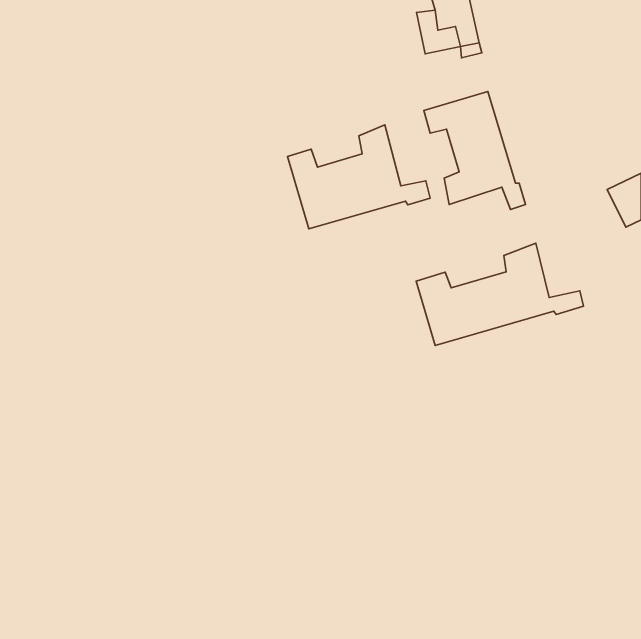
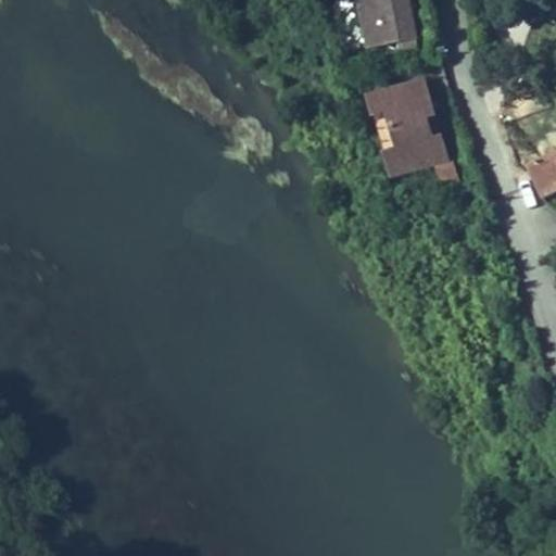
building: [288,125,430,229] -> none
building: [416,243,584,346] -> none

